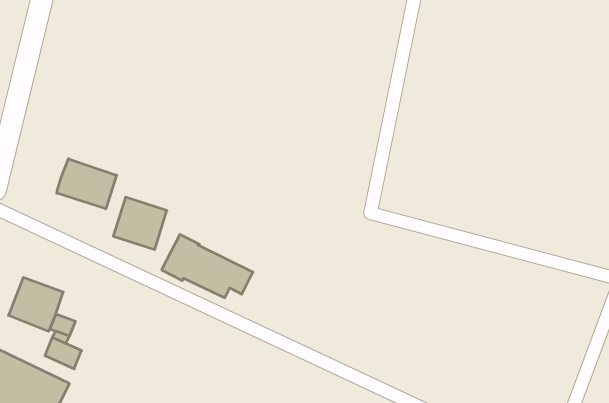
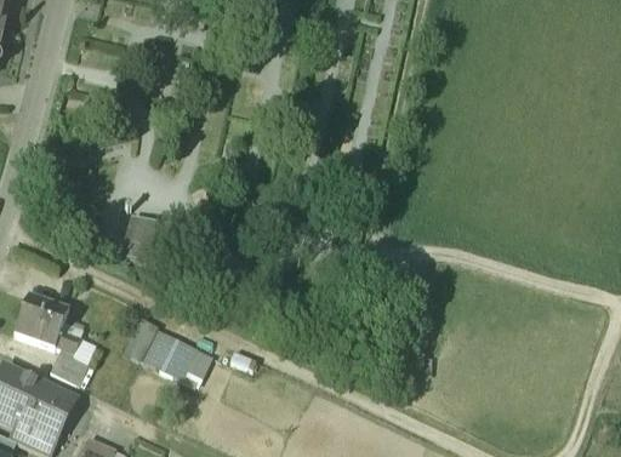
building: [57,159,117,209] -> none
building: [162,234,253,298] -> [123,318,213,381]

